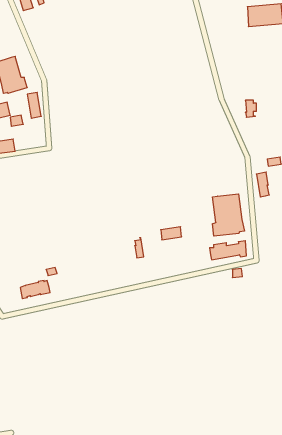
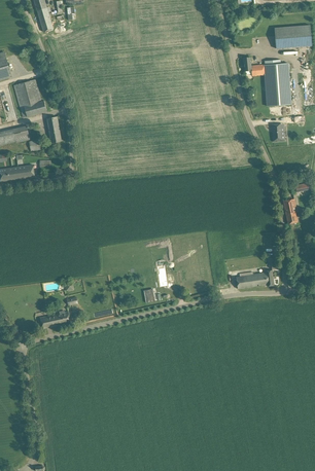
building: none -> [242,56,289,105]
building: [212,194,244,236] -> none

